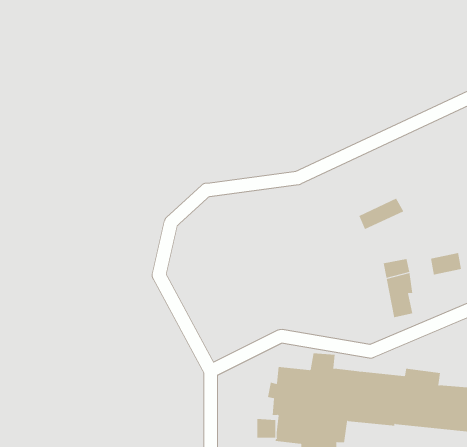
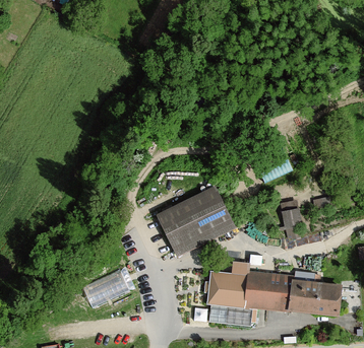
building: none -> [158,187,233,254]
building: none -> [83,268,131,306]

